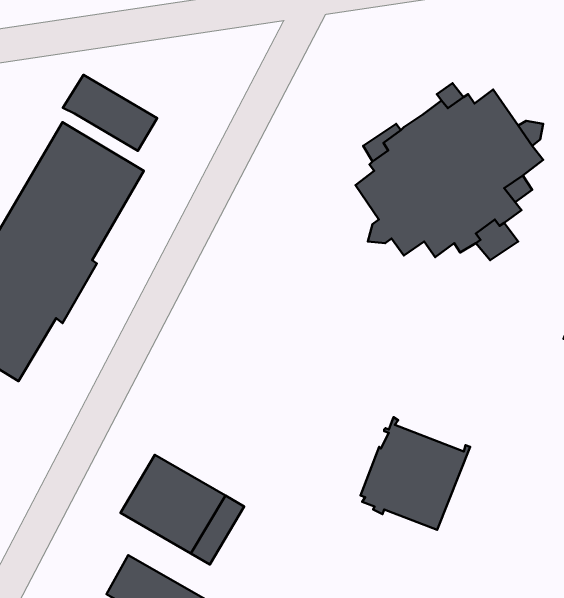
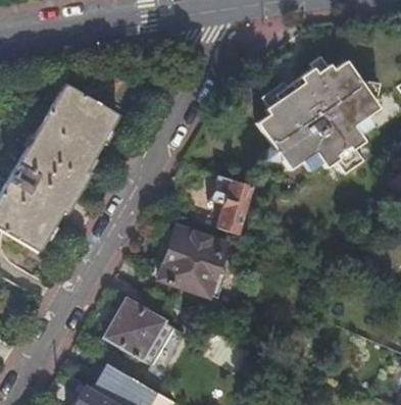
building: [63,75,157,151] -> none
building: none -> [208,174,252,235]
building: [361,417,470,530] -> [156,221,228,295]

